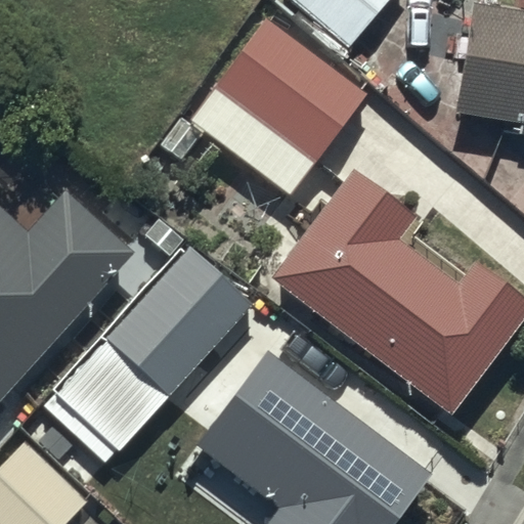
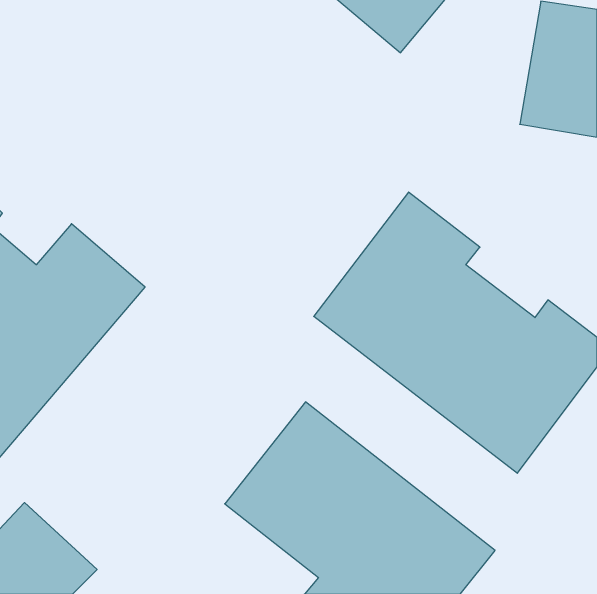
building: [160,19,363,195] -> none
building: [43,248,256,464] -> none

